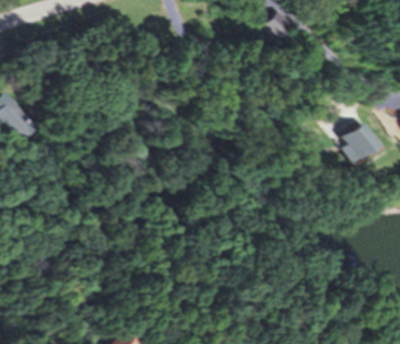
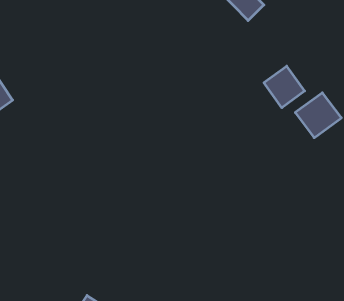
building: none -> [264,66,305,108]

